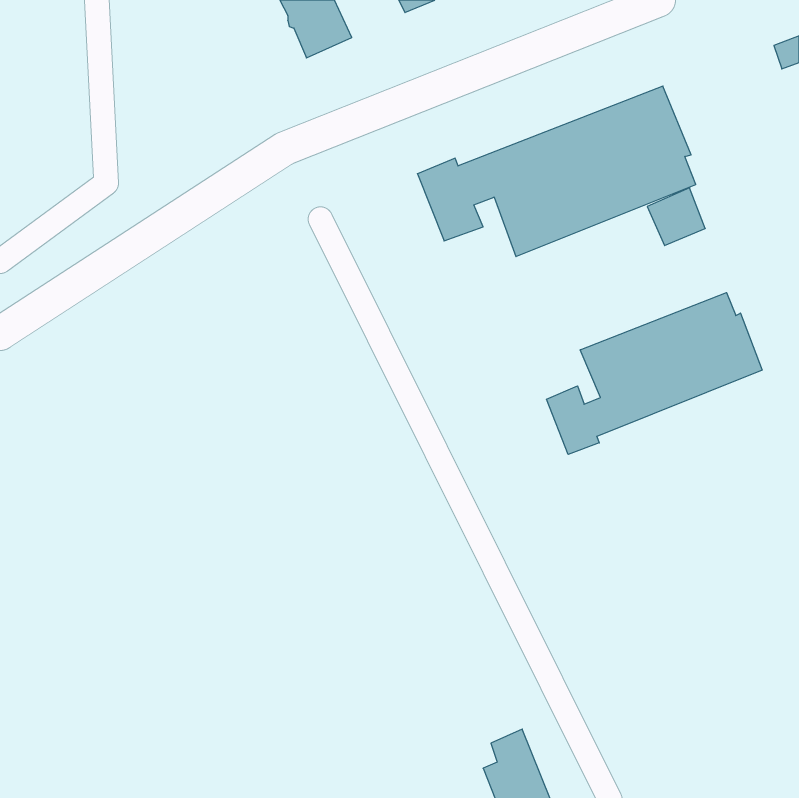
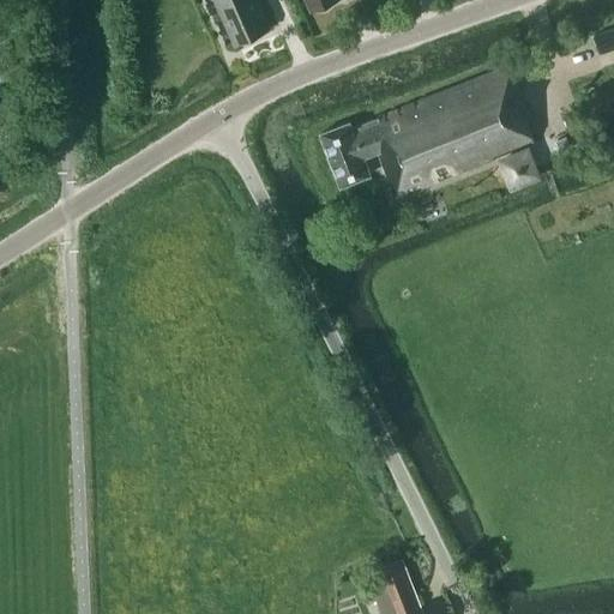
building: [547,293,762,454] -> none

